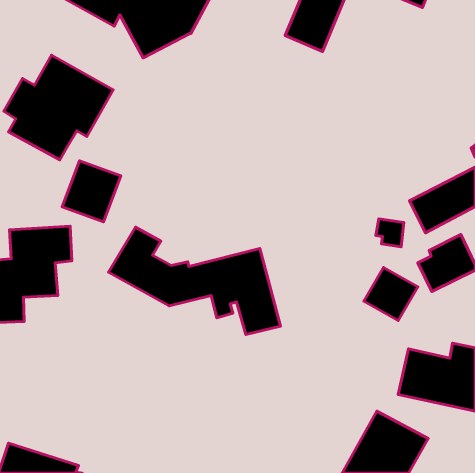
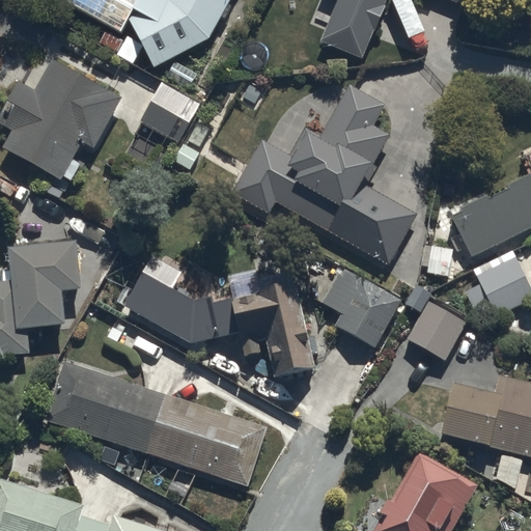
building: none -> [229,79,415,260]
building: none -> [149,88,200,140]
building: [62,161,121,222] -> none
building: none -> [324,274,398,350]
building: none -> [51,368,258,483]

